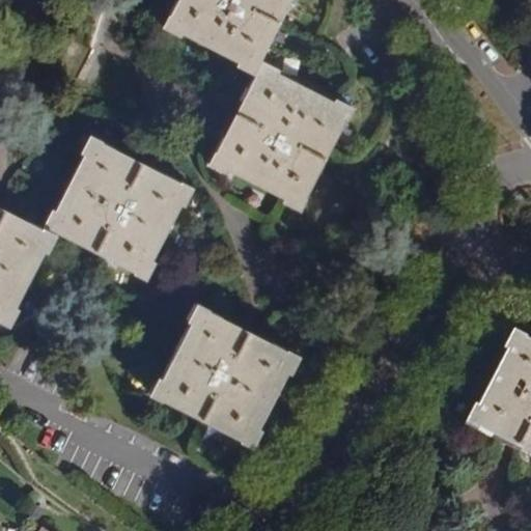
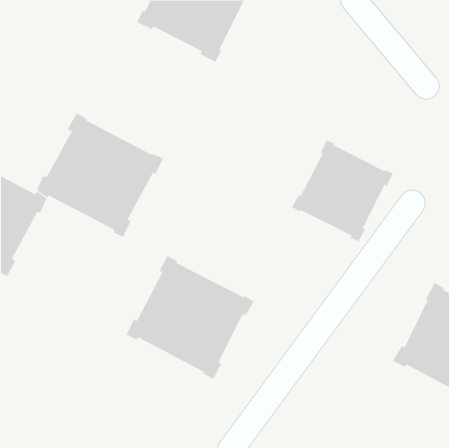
building: [208,61,354,212] -> none
building: none -> [292,139,394,242]

